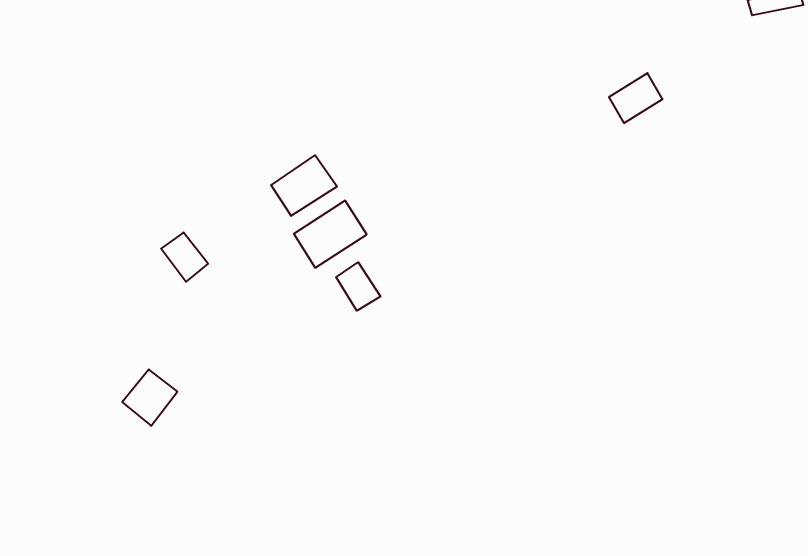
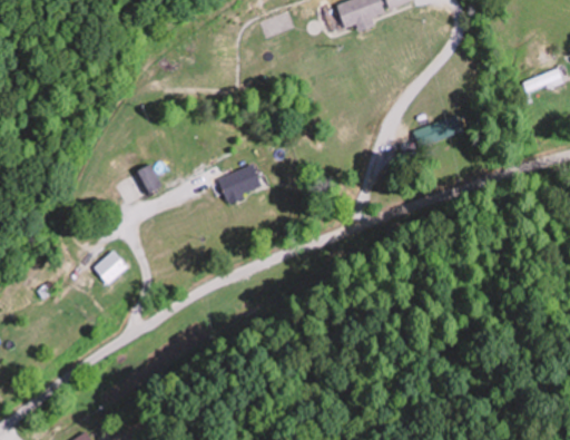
building: [271,155,337,216] -> none
building: [336,262,380,311] -> none

